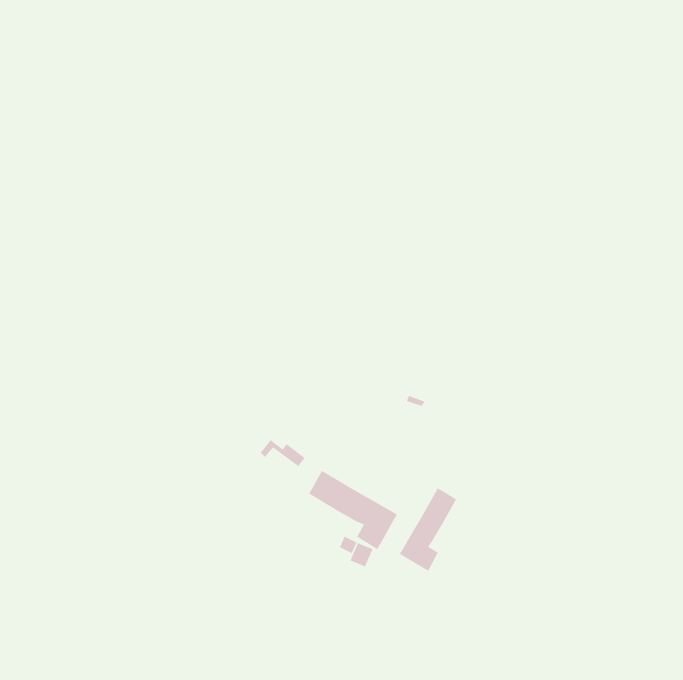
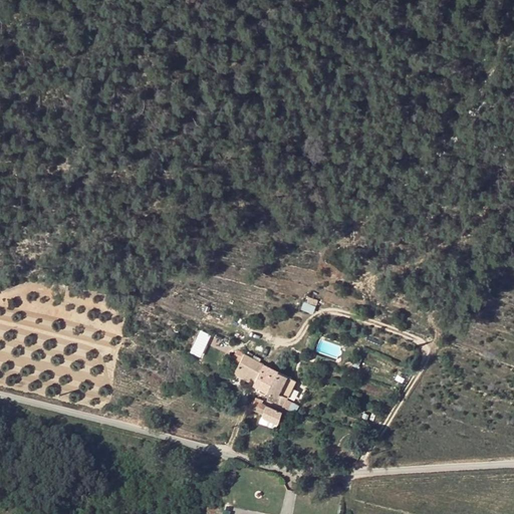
building: [399,487,457,572] -> none

